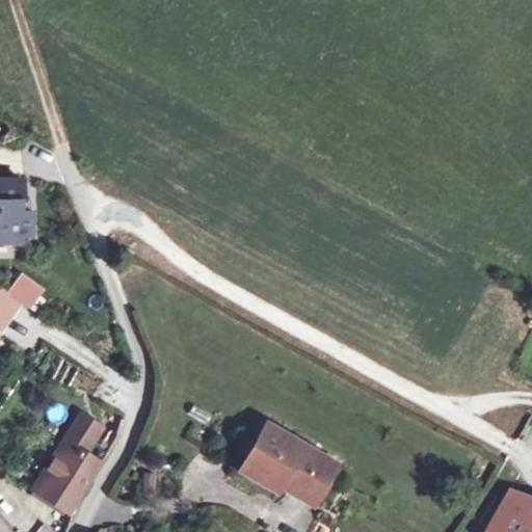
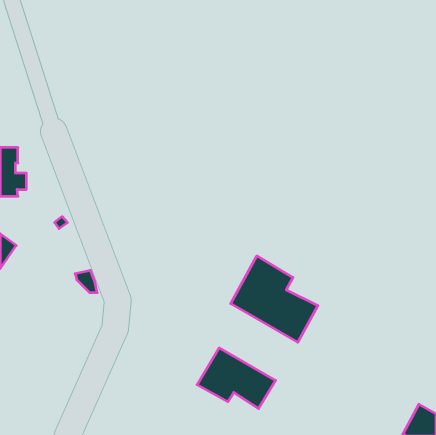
building: none -> [231,256,318,342]
building: [34,415,103,511] -> none

